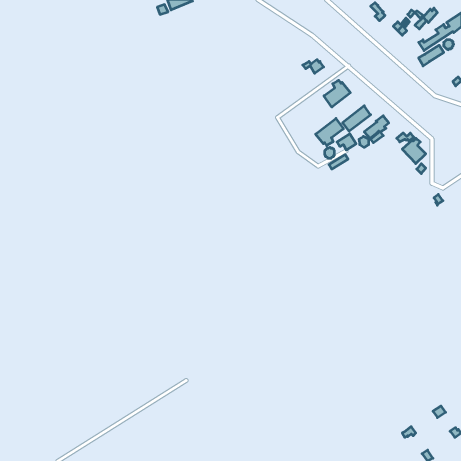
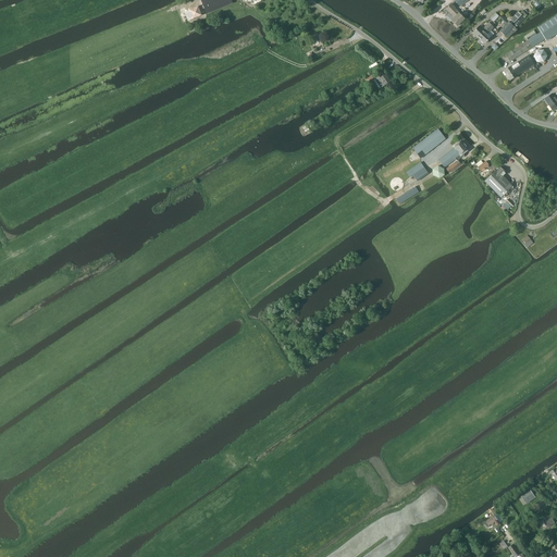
building: [324,80,350,107] -> none
building: [316,118,343,146] -> none

